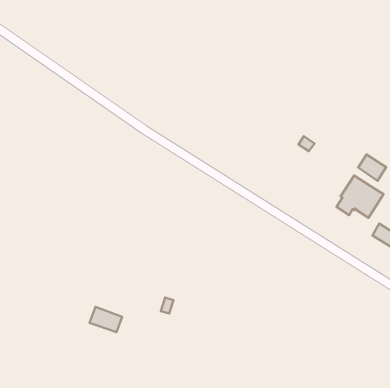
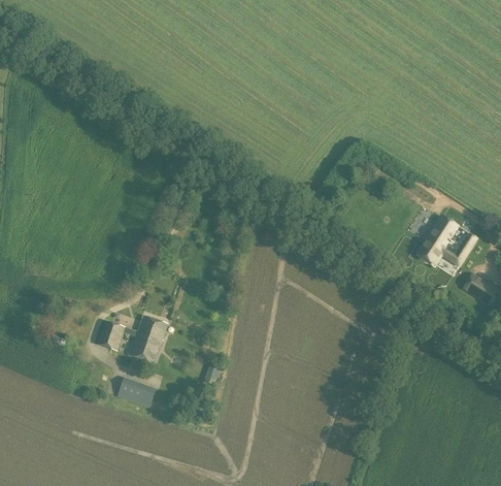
building: [358,154,386,181] -> none
building: none -> [98,317,168,363]

